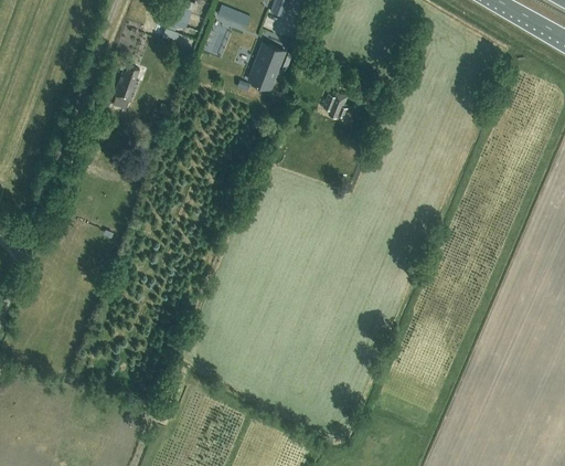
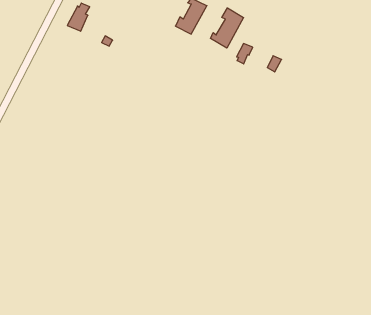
building: none -> [211,8,244,48]

